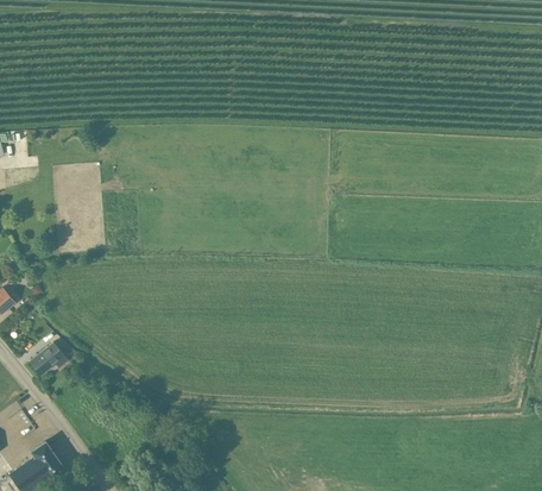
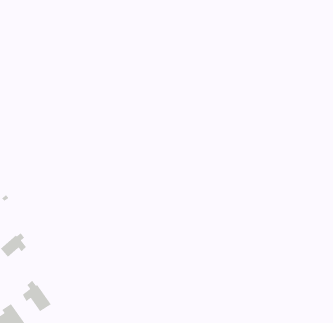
building: none -> [22,280,52,312]

